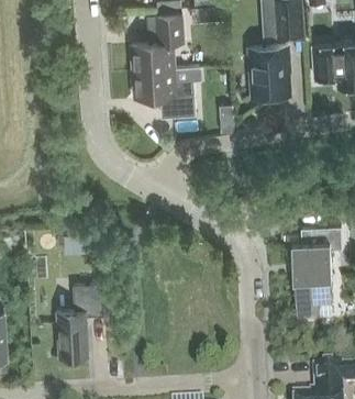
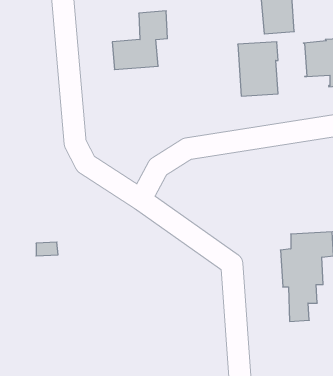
building: [132,64,200,114] -> none
building: [56,280,102,354] -> none

